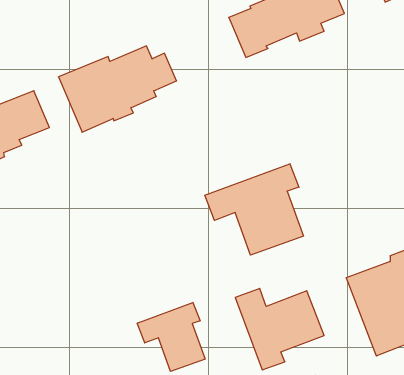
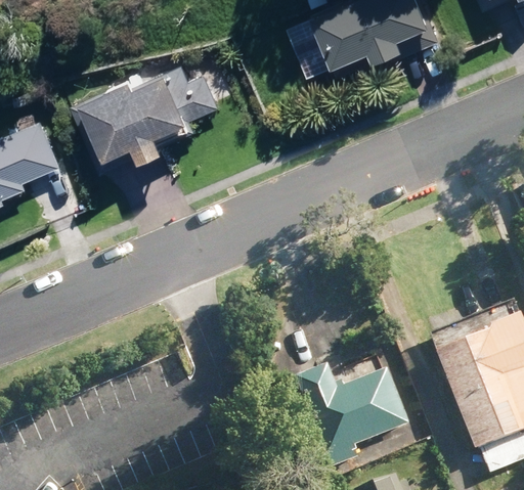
building: [205,164,303,255] -> none
building: [137,302,205,371] -> none

